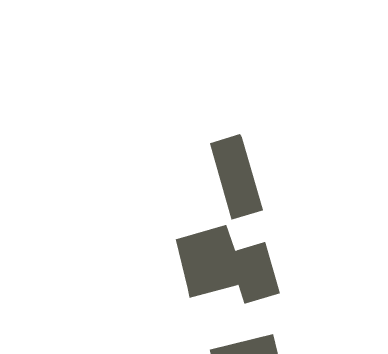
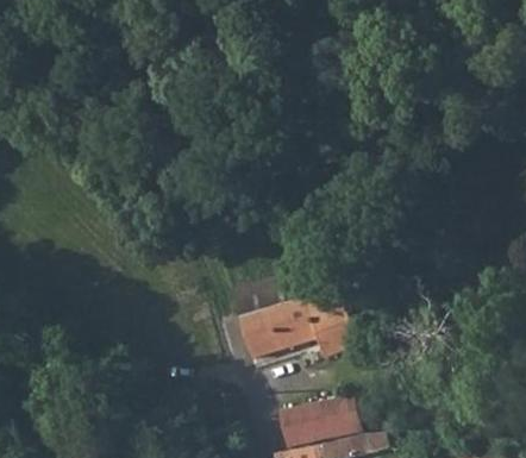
building: [209,133,264,220] -> none

